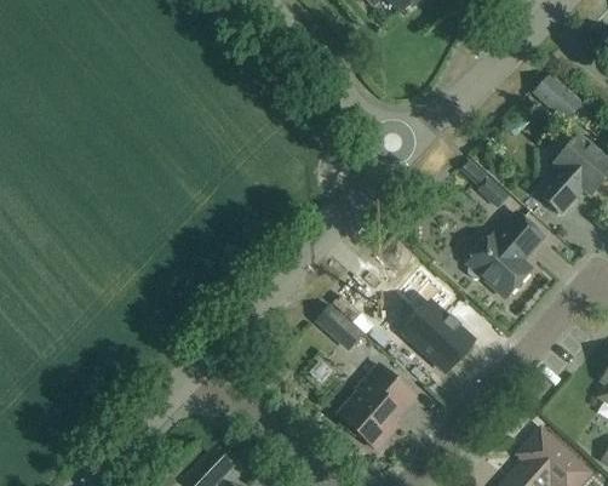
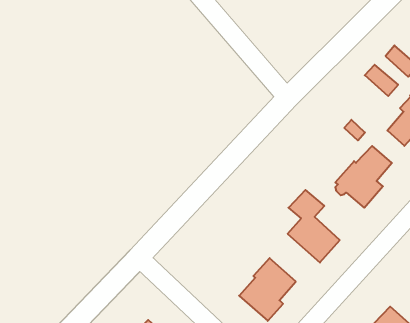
building: none -> [365,65,398,96]
building: [316,303,365,350] -> none

